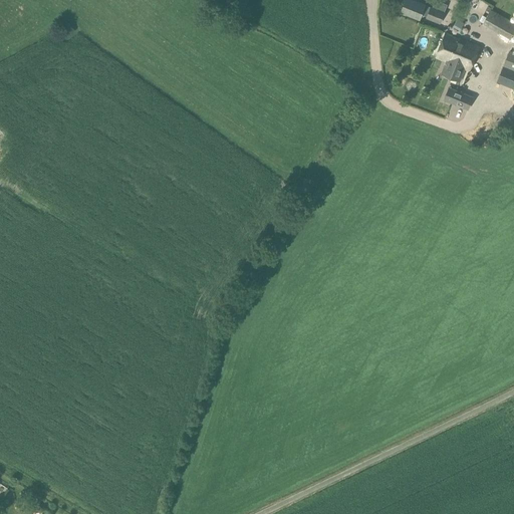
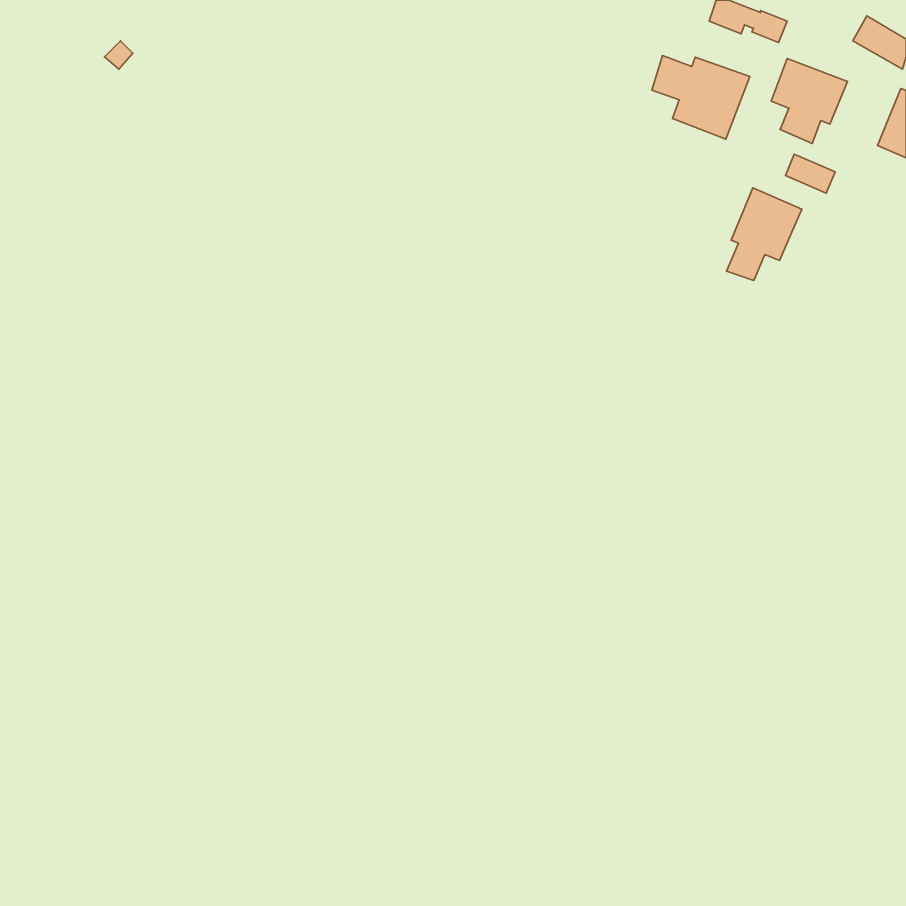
building: none -> [652,55,750,139]
building: none -> [726,188,802,281]

